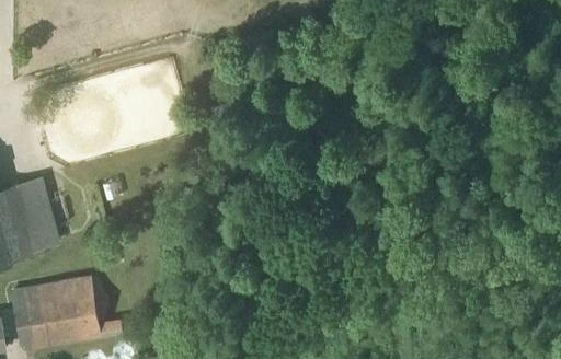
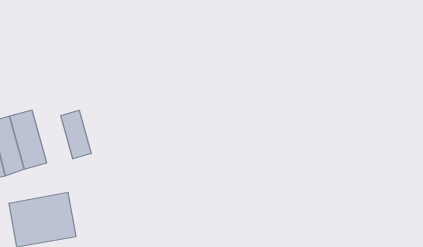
building: none -> [61,110,91,159]

